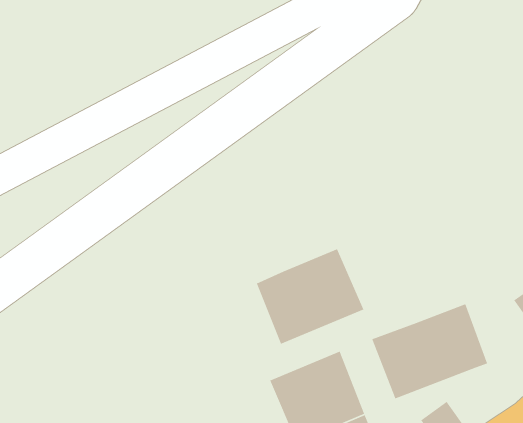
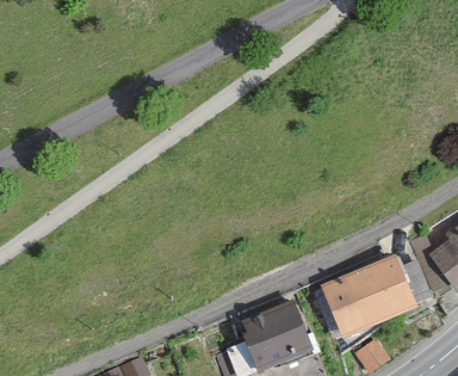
building: [256,248,365,345] -> none

